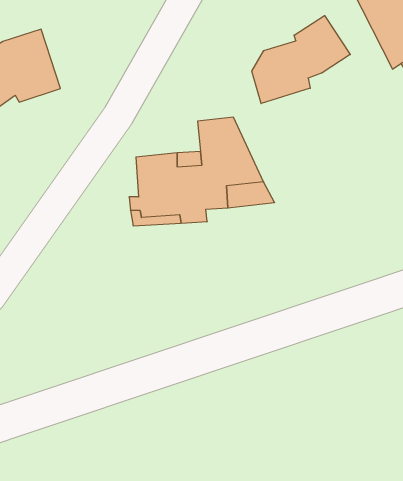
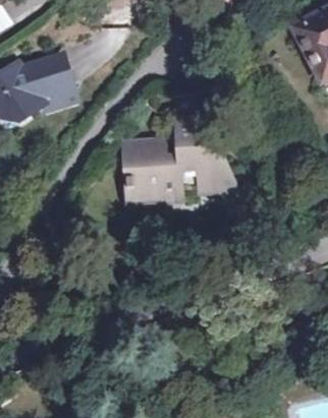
building: [252,16,350,104] -> none

